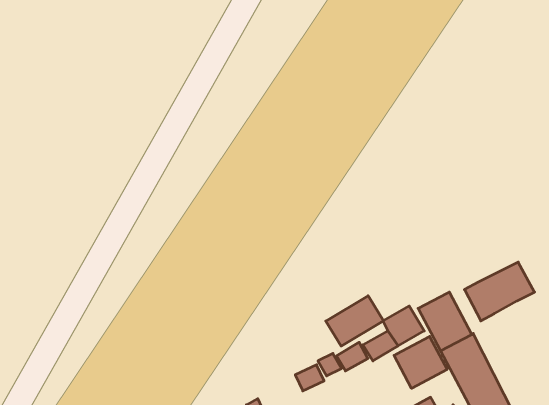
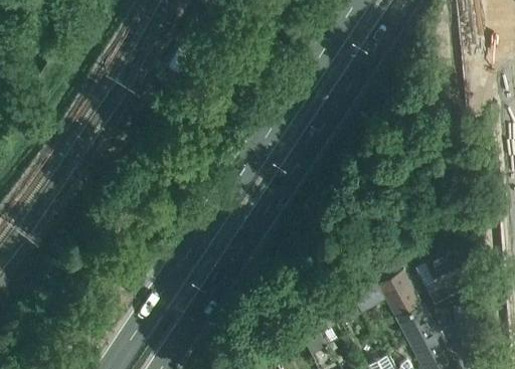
building: [326,296,383,346] -> none
building: [394,336,447,388] -> none

